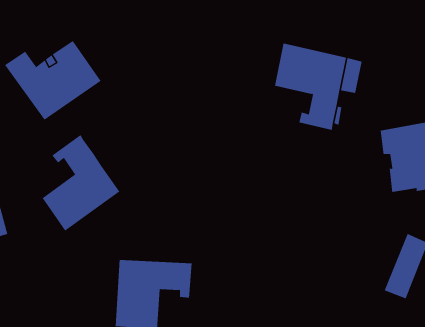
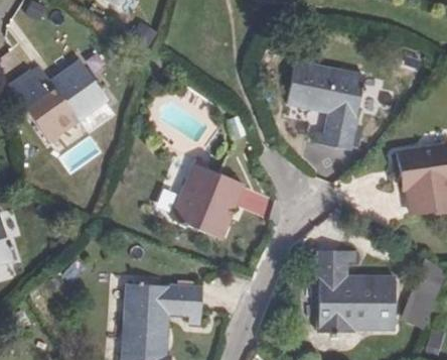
building: [42,134,120,231] -> none
building: none -> [172,163,244,238]
building: none -> [319,250,396,333]

